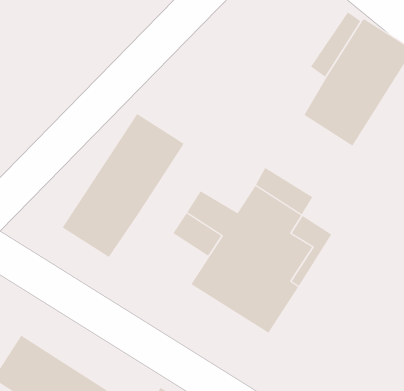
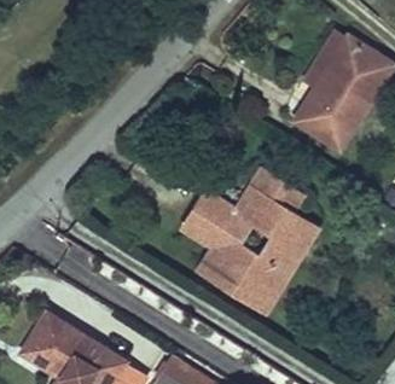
building: [62,113,184,258] -> none

